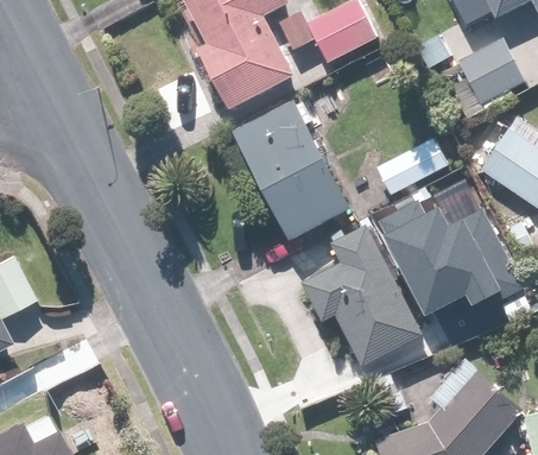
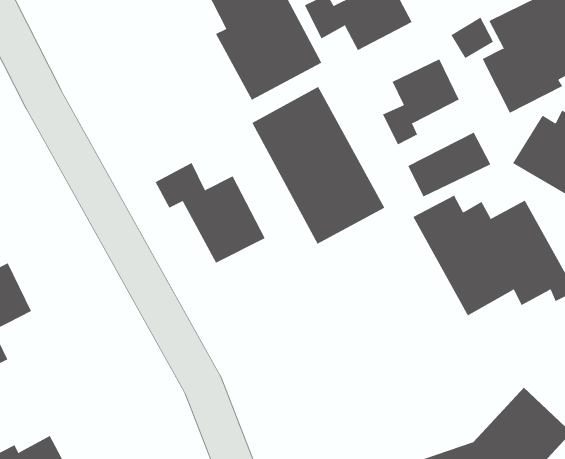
building: none -> [382,58,460,145]
building: none -> [155,162,265,264]
building: [306,216,429,372] -> none

